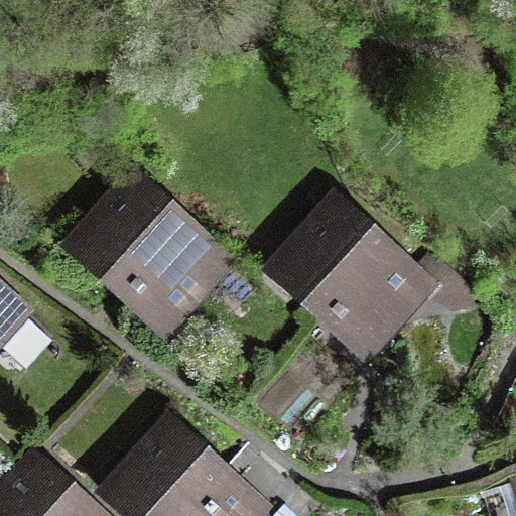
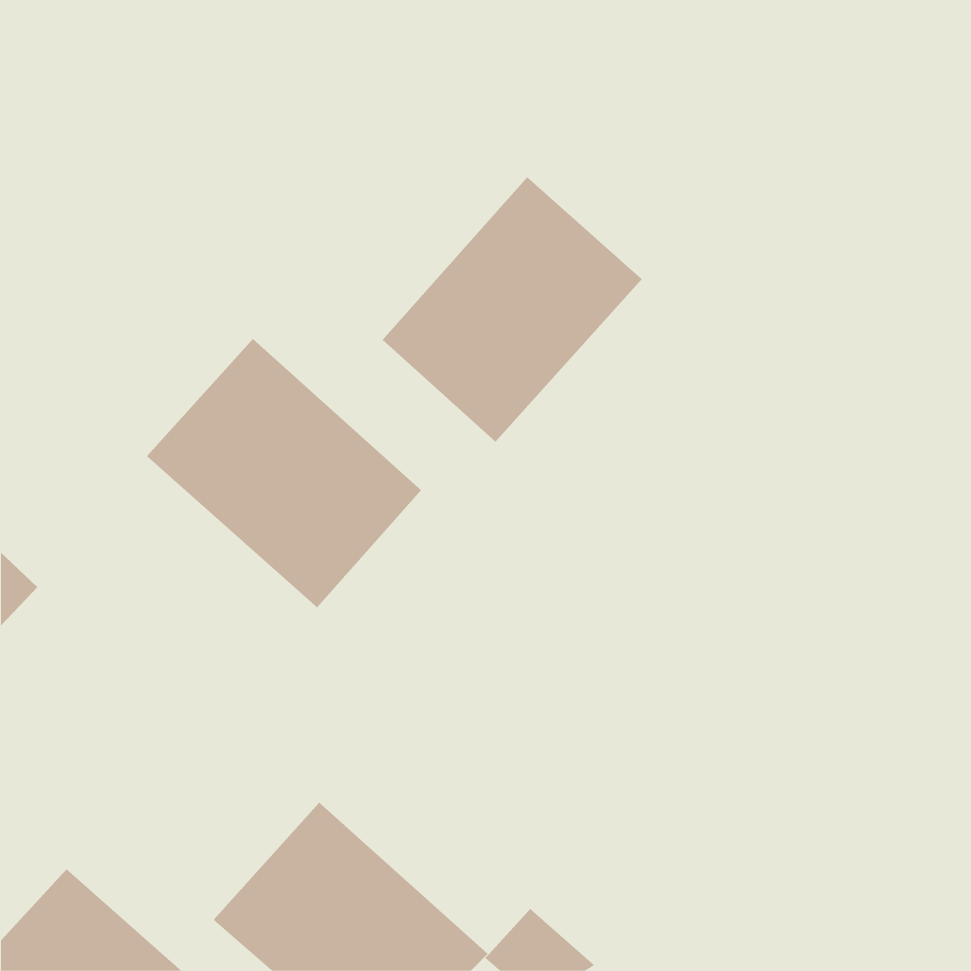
building: none -> [382,177,643,442]
building: [277,203,426,349] -> none

